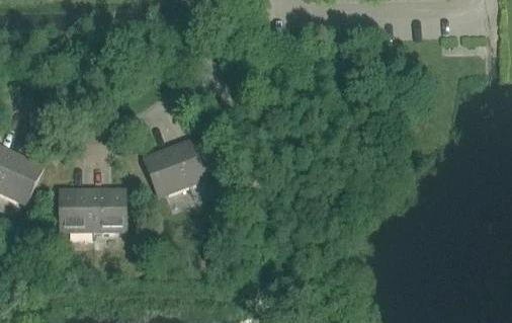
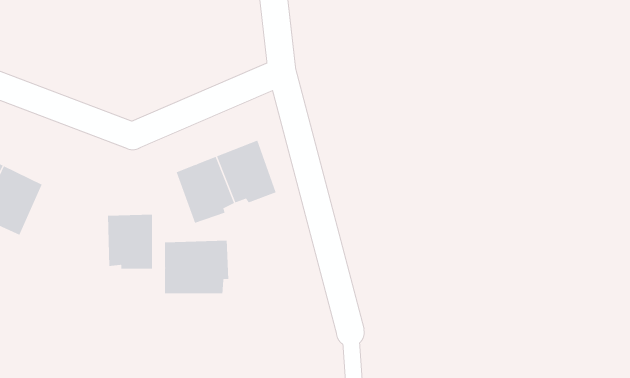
building: [59,189,92,231] -> none
building: none -> [165,240,229,294]

